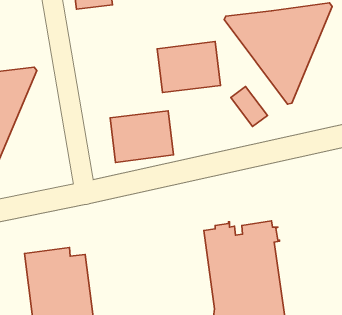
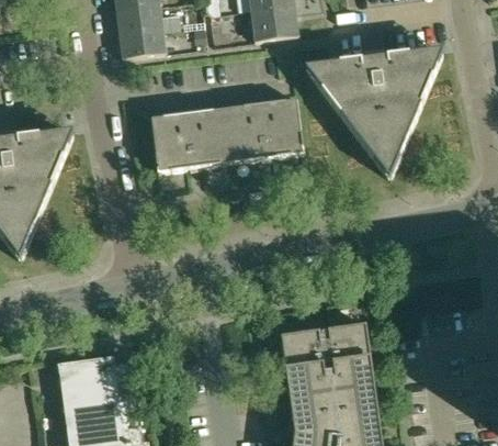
building: [231,87,267,126] -> none
building: [110,111,173,163] -> [150,107,229,171]

